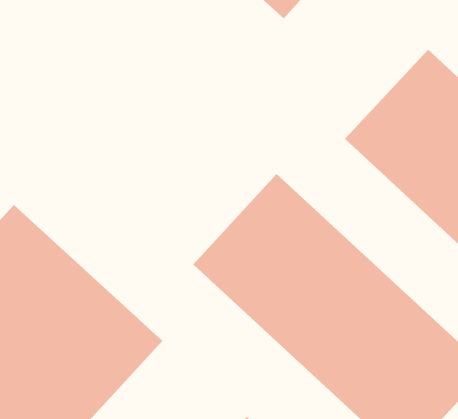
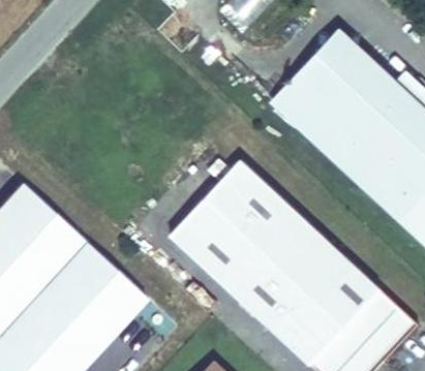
building: none -> [270,29,368,130]

